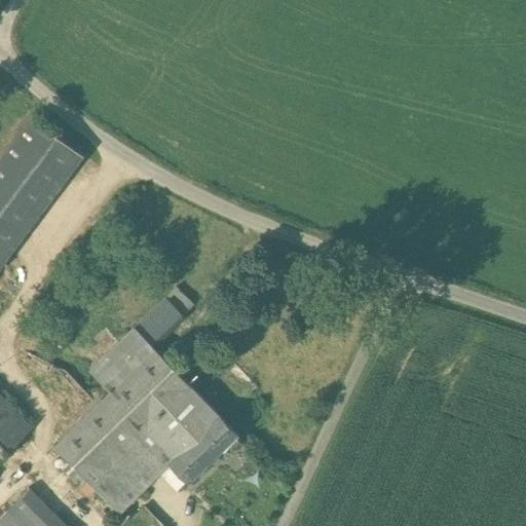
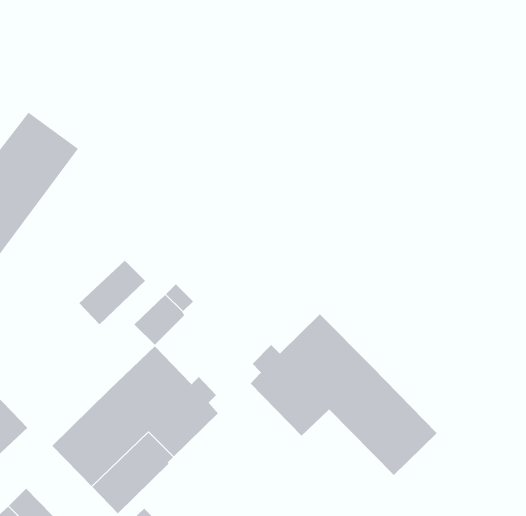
building: none -> [250,313,437,476]
building: [88,330,154,393] -> [78,260,146,325]
building: [167,415,236,484] -> none

